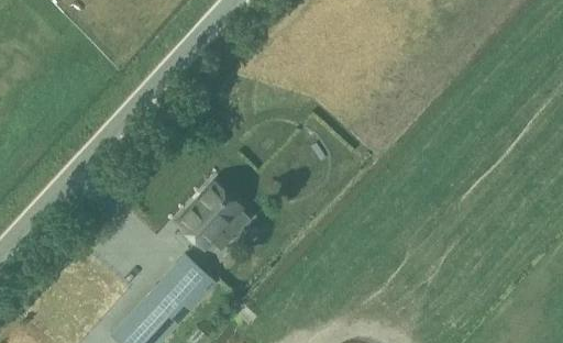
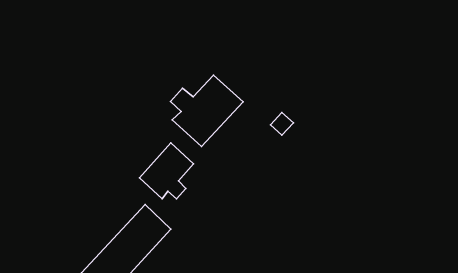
building: none -> [170,75,243,146]

